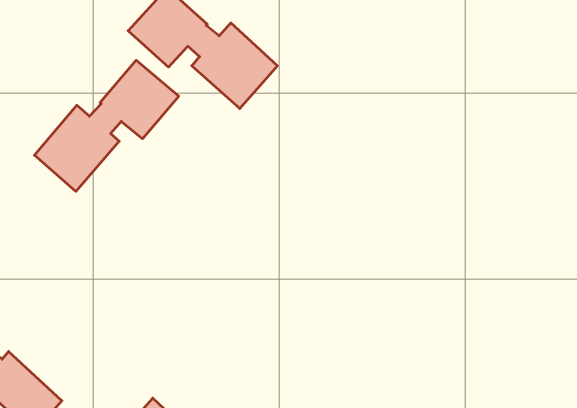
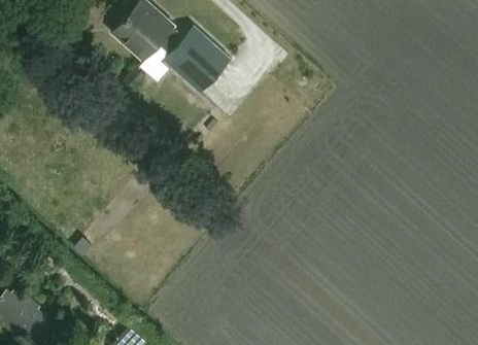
building: [34,60,179,191] -> none

